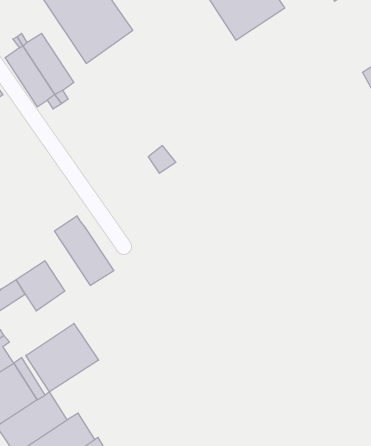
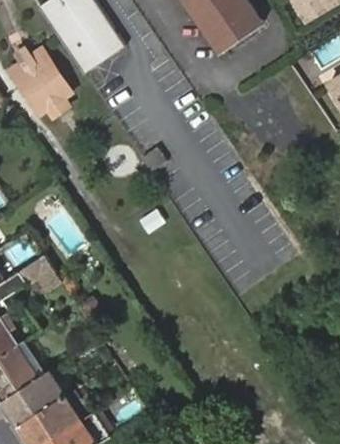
building: [55,216,114,285] -> none
building: [26,323,99,392] -> none

